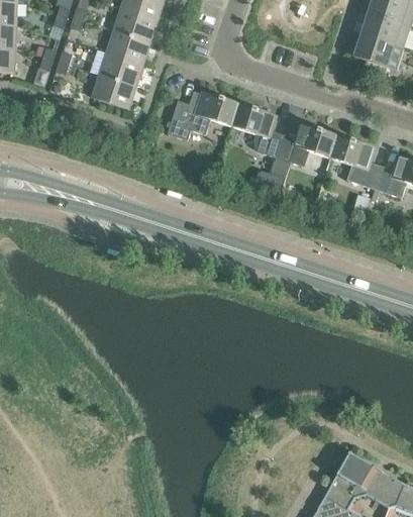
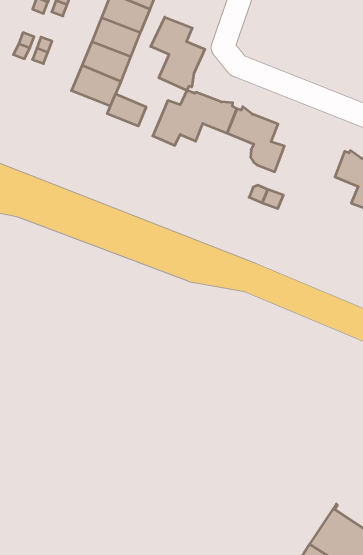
building: none -> [151,17,205,90]
building: none -> [107,94,146,126]
building: [277,123,337,167] -> none

